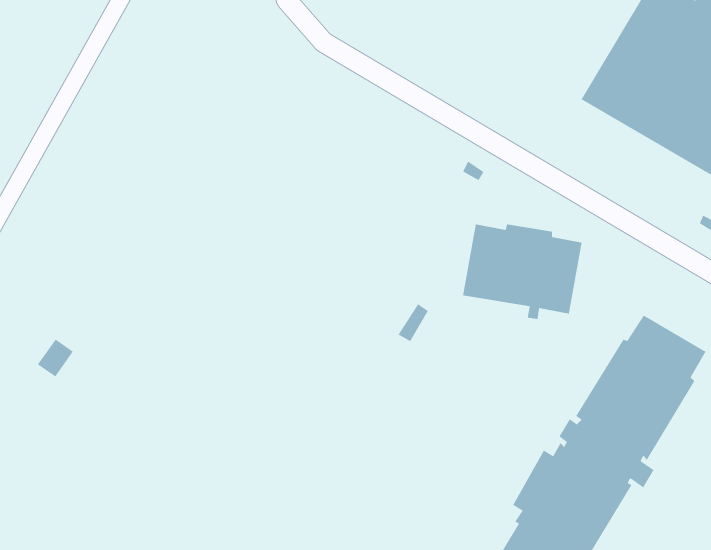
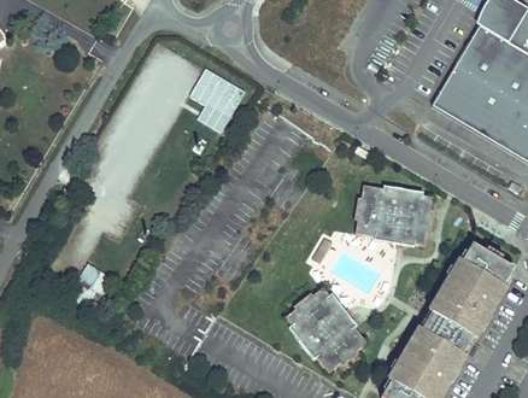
building: none -> [190,68,246,129]
building: none -> [284,286,366,371]

